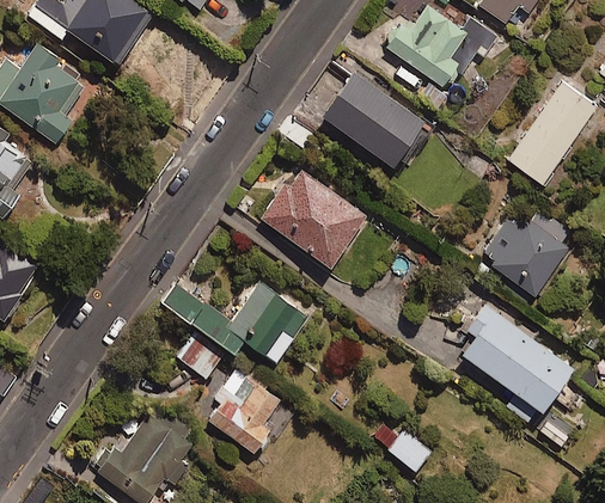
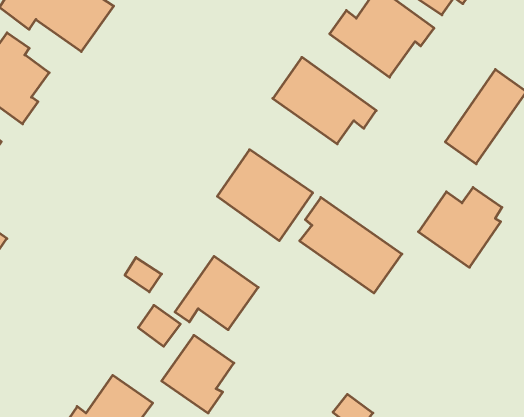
building: [462,307,572,410] -> [300,197,402,293]

